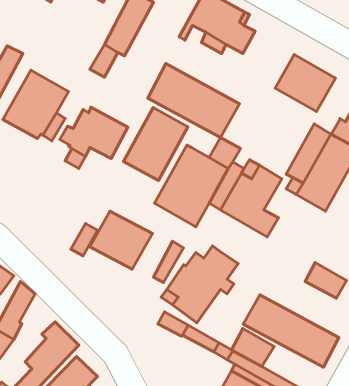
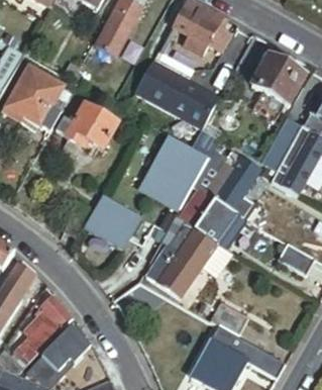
building: [124,108,188,181] -> none
building: none -> [192,195,237,242]
building: [243,295,339,367] -> none

